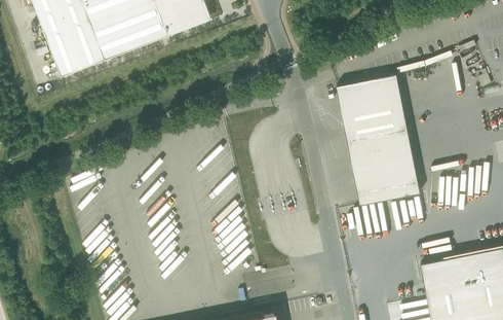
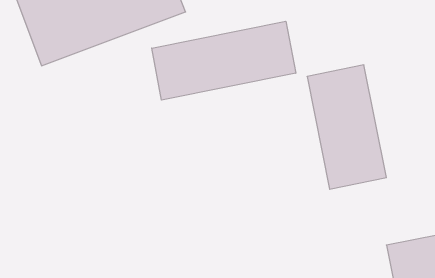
building: none -> [152,21,296,100]

